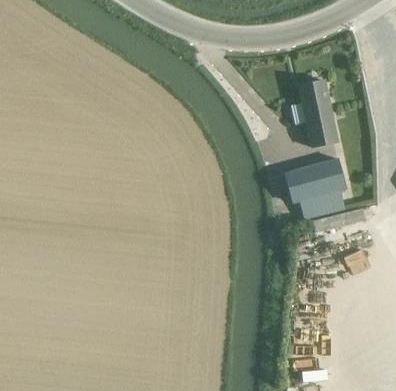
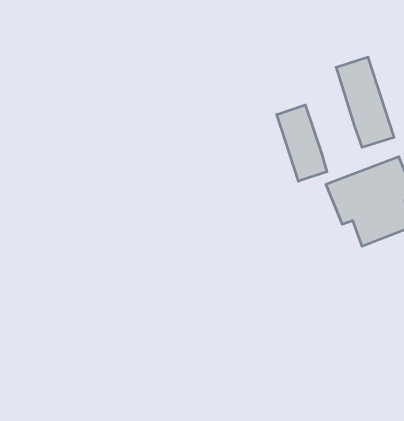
building: none -> [277,105,327,181]

